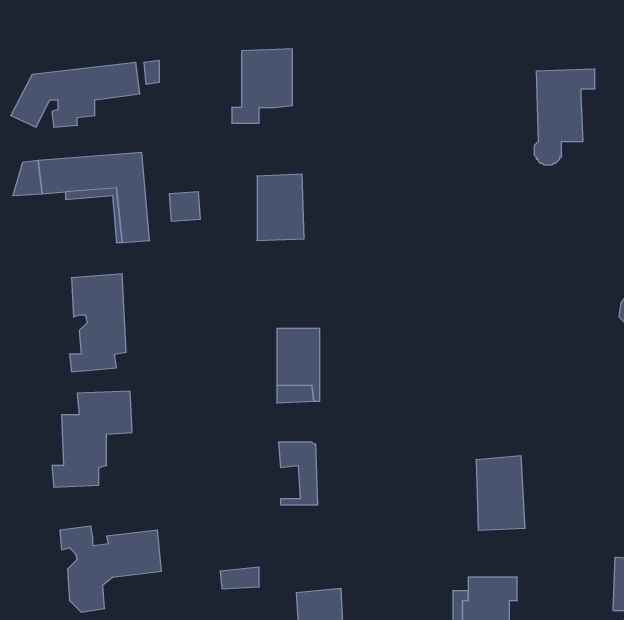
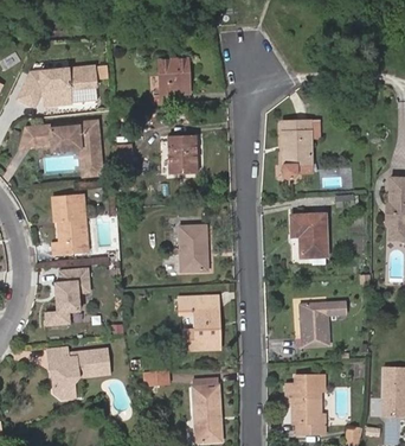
building: [534,69,595,165] -> [282,123,319,181]
building: none -> [292,217,327,260]
building: none -> [181,297,218,350]

